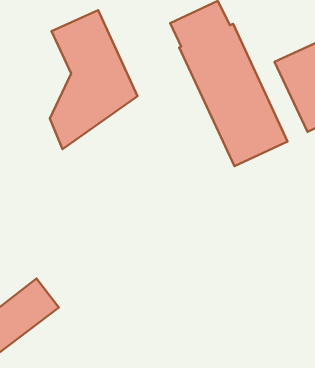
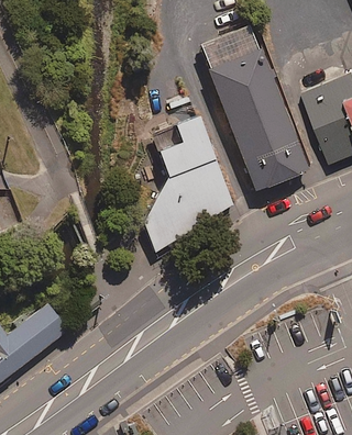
building: [50,10,138,149] -> [145,114,235,253]

